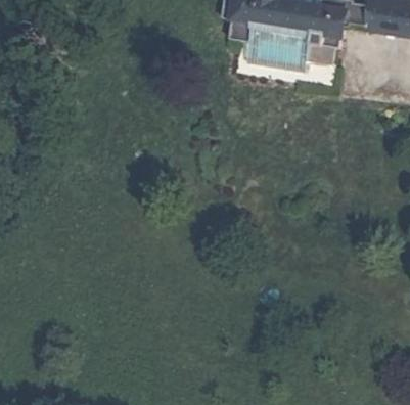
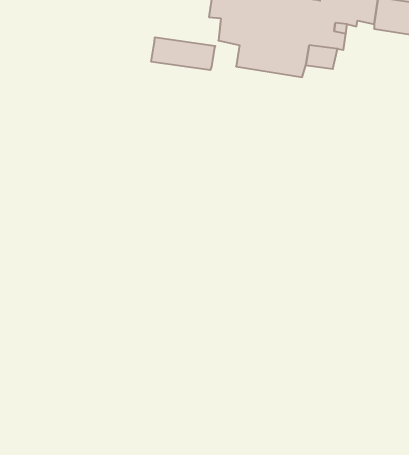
building: none -> [151,37,215,70]

